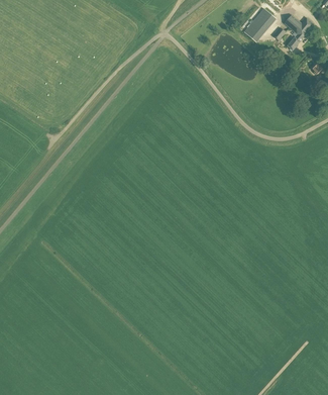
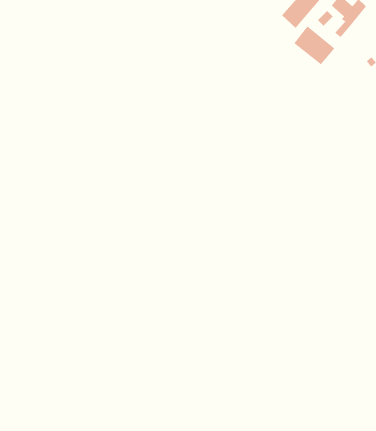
building: none -> [293,25,335,65]

